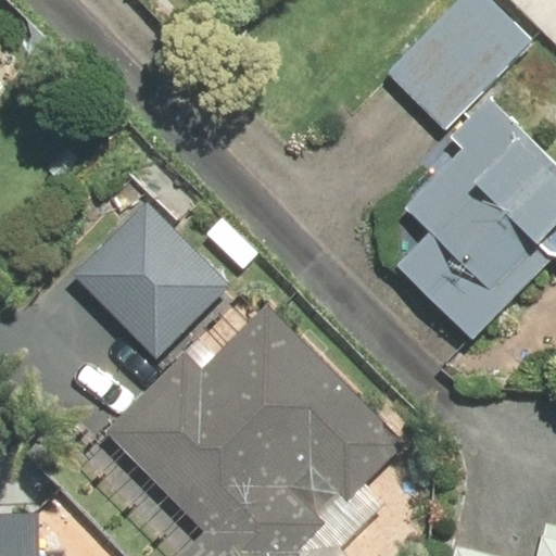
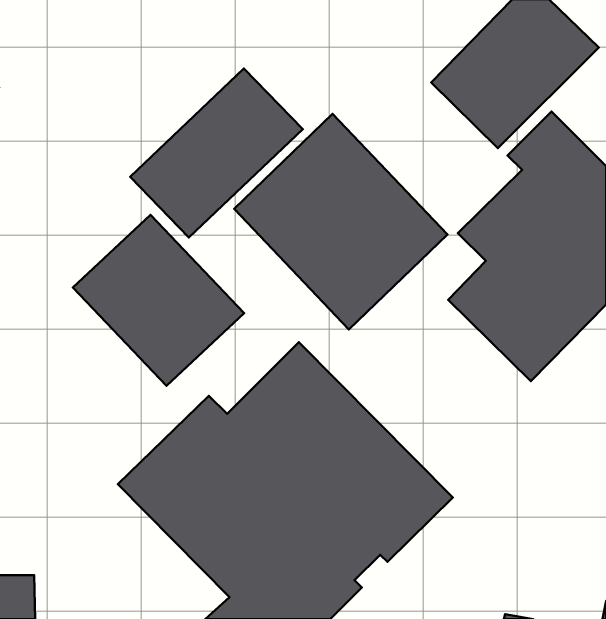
building: none -> [130,69,303,237]
building: none -> [234,114,447,329]

